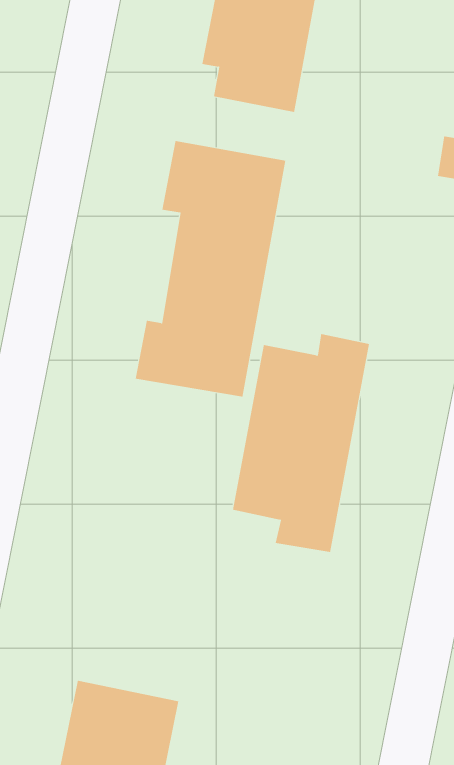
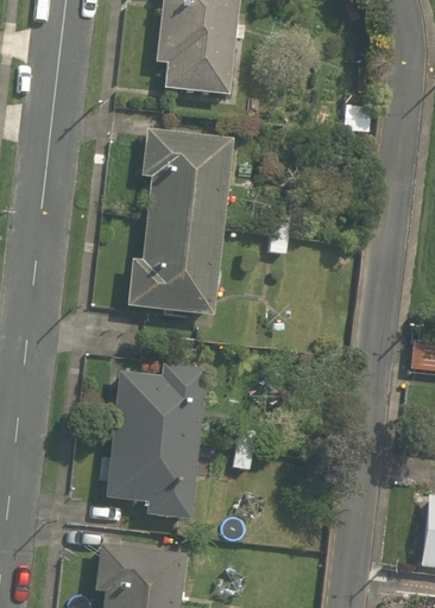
building: [232,333,370,553] -> [109,357,203,522]

